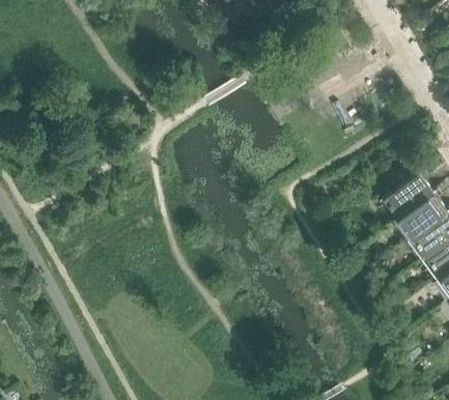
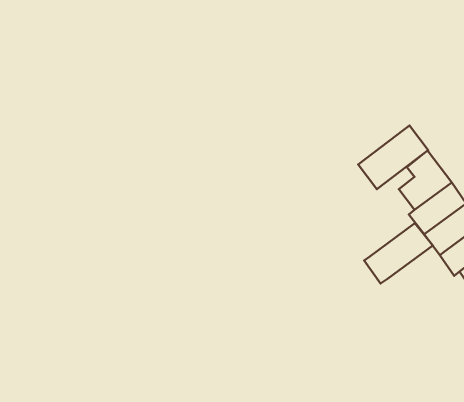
building: none -> [358,125,428,189]
building: none -> [364,223,433,284]

